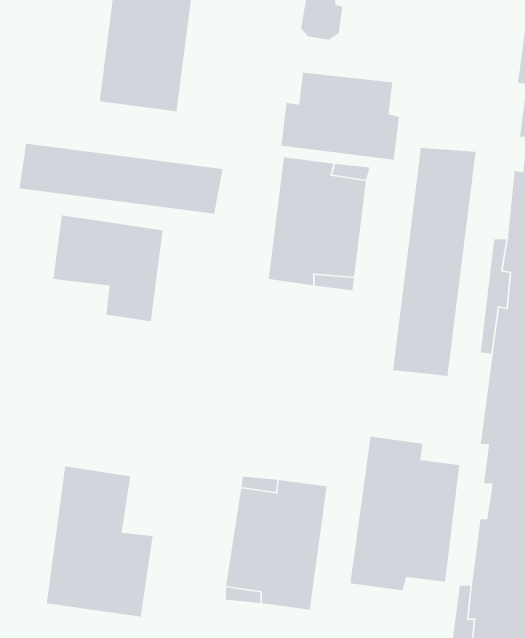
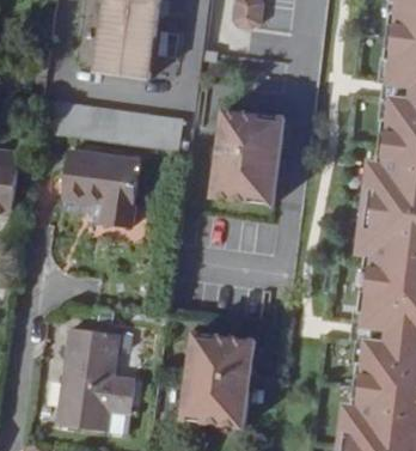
building: [280,72,400,161] -> none
building: [392,147,477,377] -> none
building: [349,436,460,591] -> none

